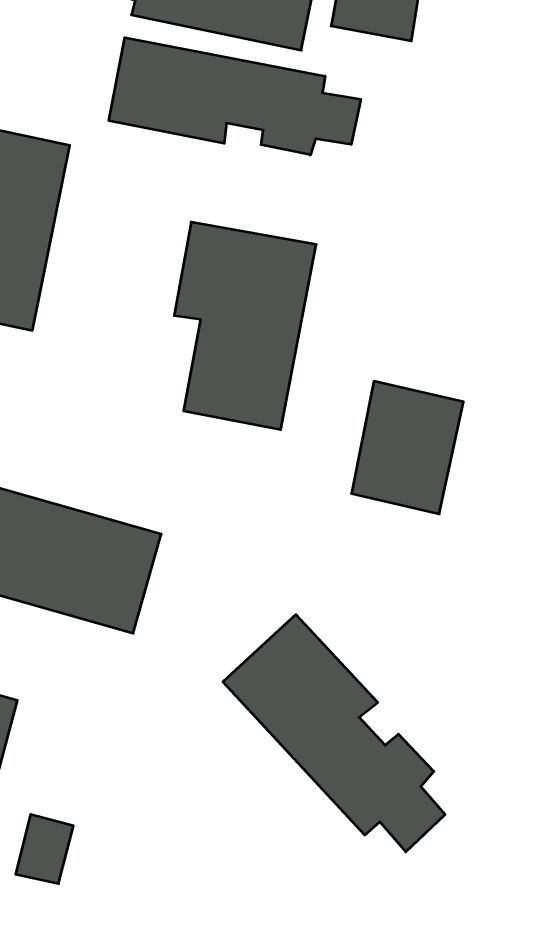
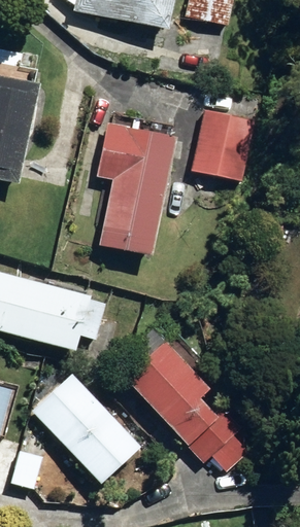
building: [109,38,361,155] -> none
building: [351,381,463,514] -> [193,108,255,181]
building: none -> [32,374,141,485]

